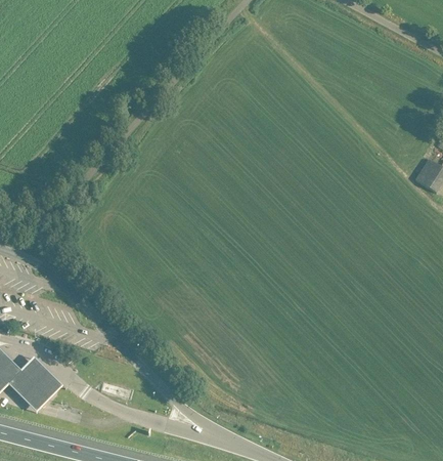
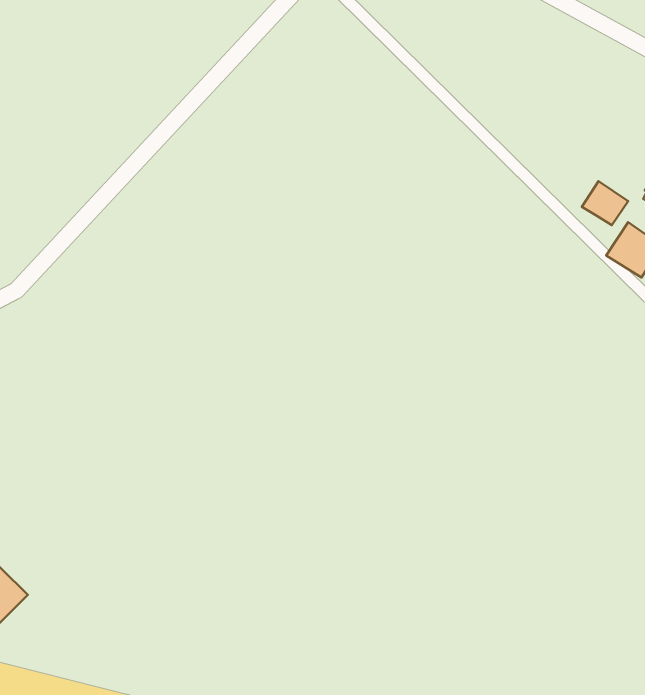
building: none -> [582,181,628,225]

